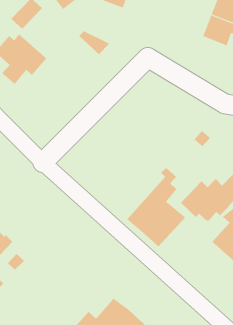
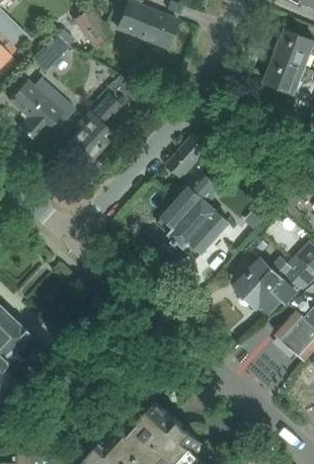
building: none -> [64,94,120,165]
building: none -> [166,138,206,179]
building: [126,167,186,247] -> [157,160,230,258]

